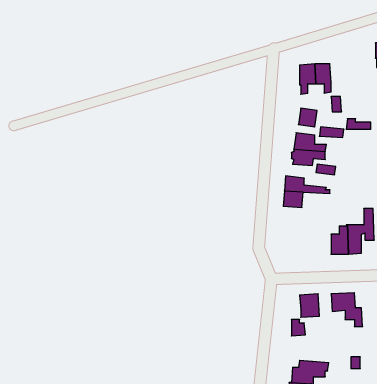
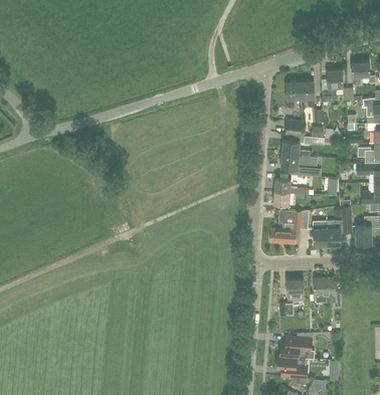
building: none -> [322,70,343,102]
building: none -> [270,211,302,243]

